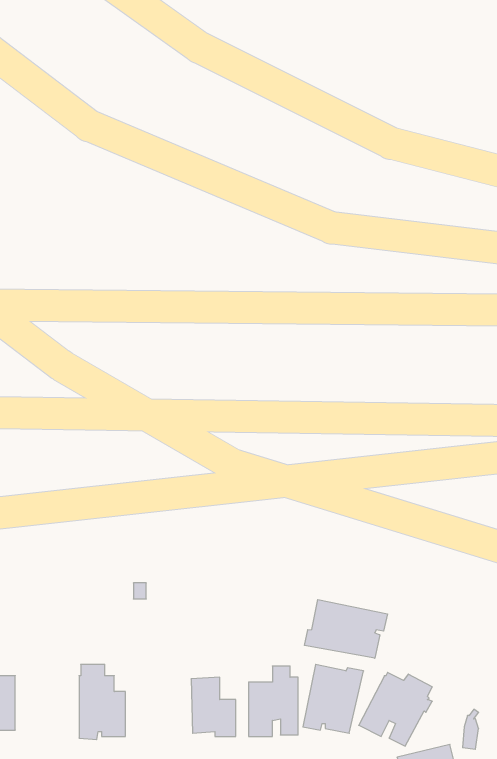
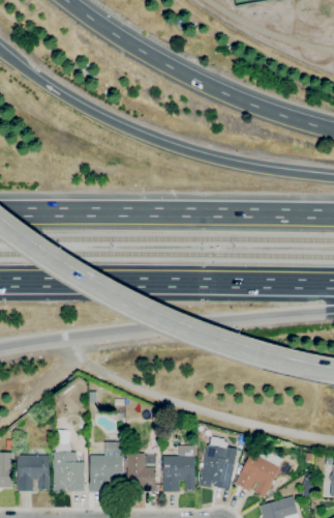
building: [304,600,387,658] -> none
building: none -> [90,441,122,491]
building: none -> [18,455,50,491]

